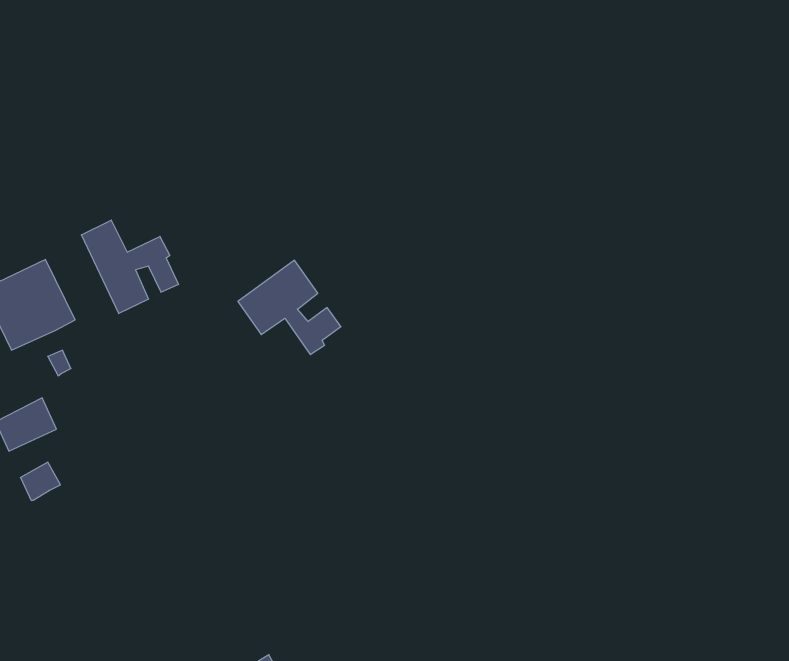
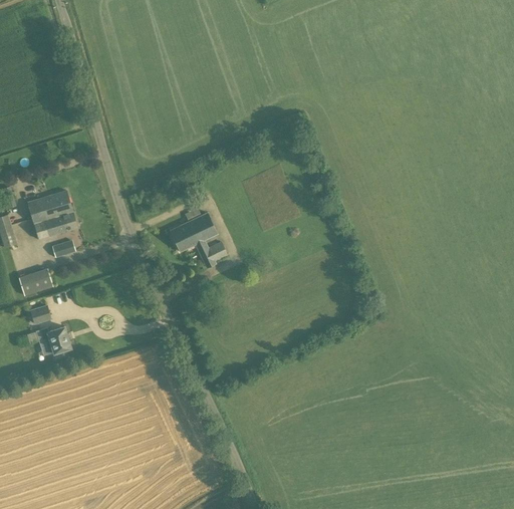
building: [81,220,178,314] -> none
building: none -> [34,320,71,357]

